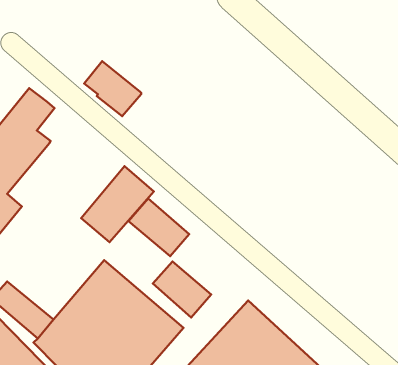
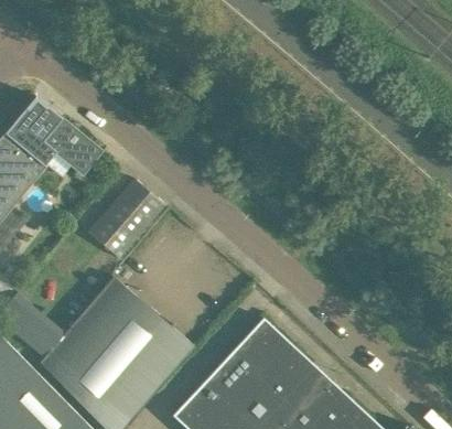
building: [84,61,141,116] -> [42,118,101,175]
building: [129,198,189,256] -> none
building: [153,261,211,318] -> none

